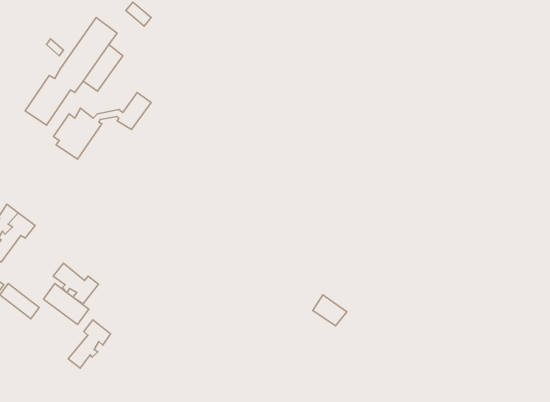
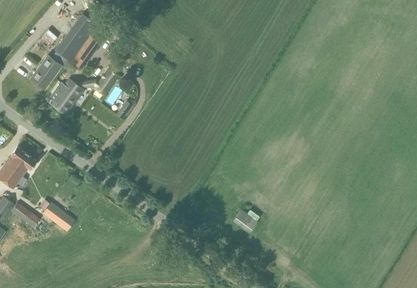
building: [53,263,99,304] -> none
building: [68,320,110,368] -> none

